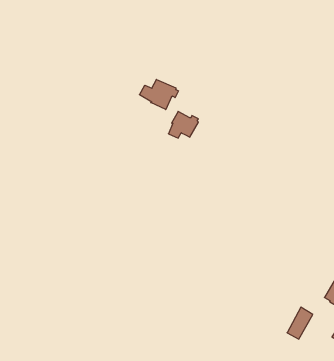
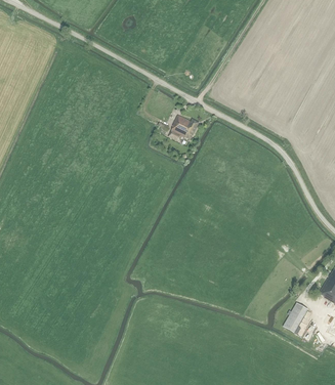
building: [139,79,178,110] -> none

